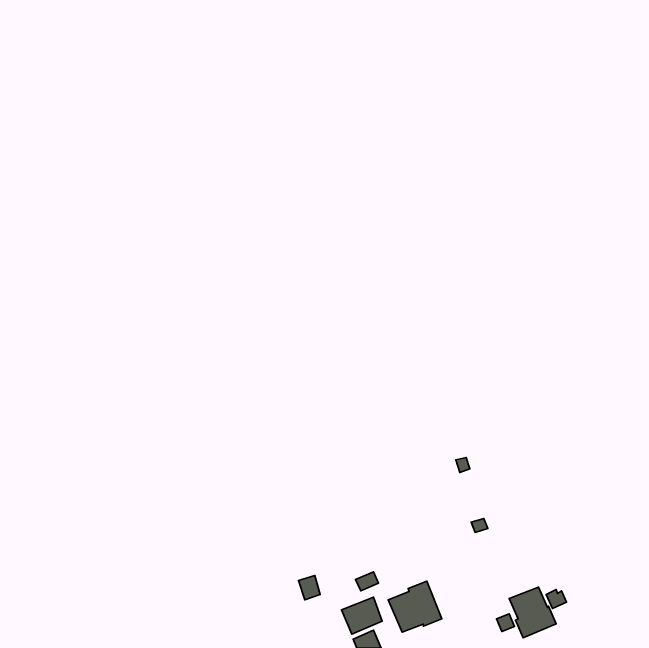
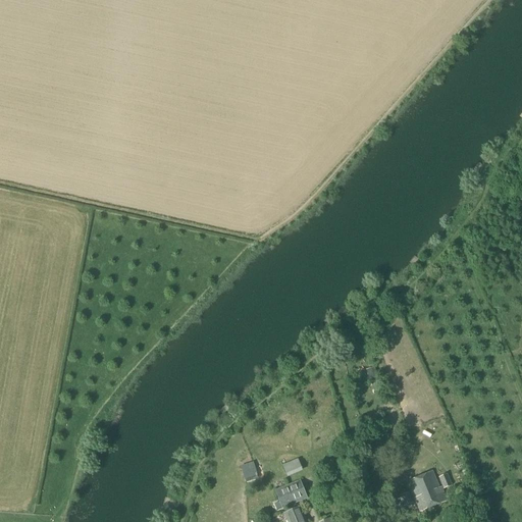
building: [388,581,442,632] -> none

